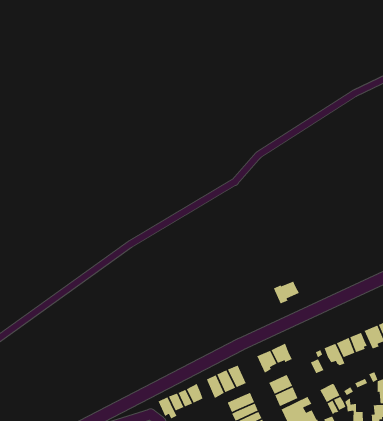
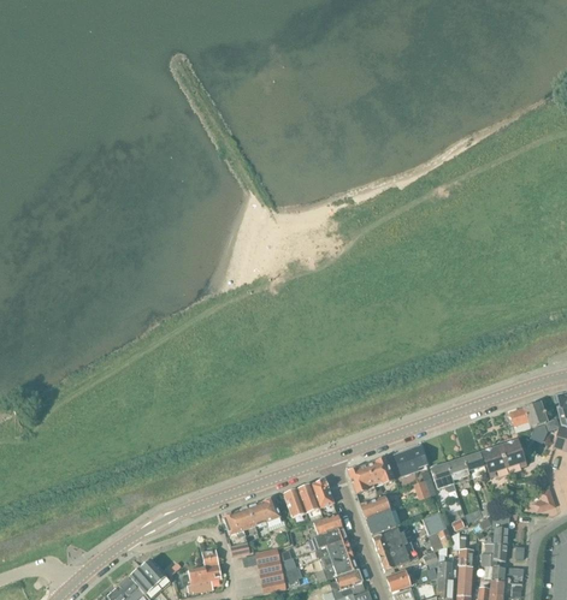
building: [273,280,301,304] -> [394,447,427,475]

